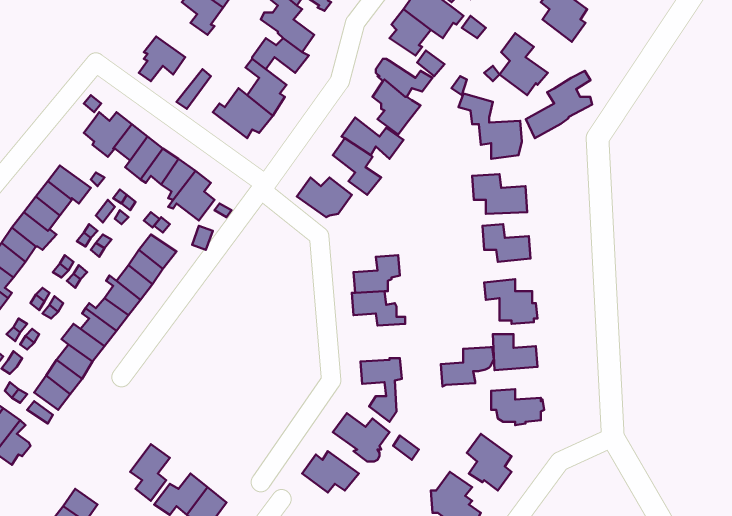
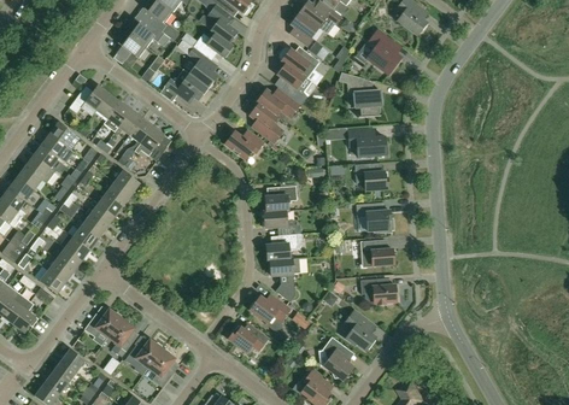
building: none -> [125,19,164,46]
building: [526,71,592,138] -> none
building: [441,347,494,387] -> [265,233,303,260]
building: none -> [84,307,122,336]

